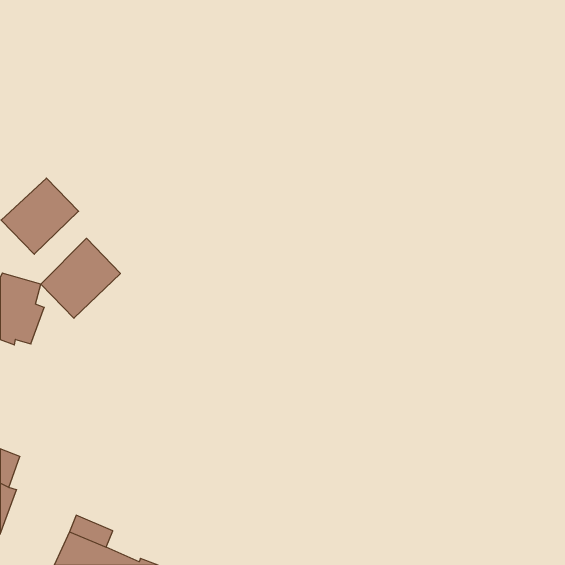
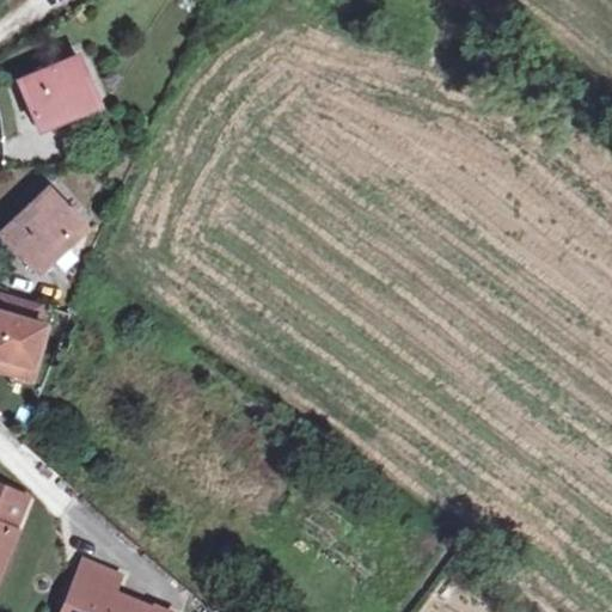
building: none -> [18,59,99,131]
building: [41,238,120,318] -> none

